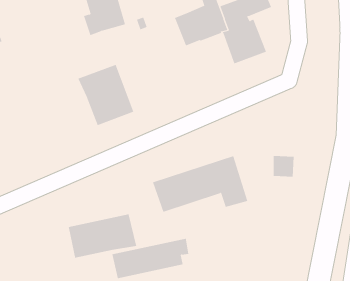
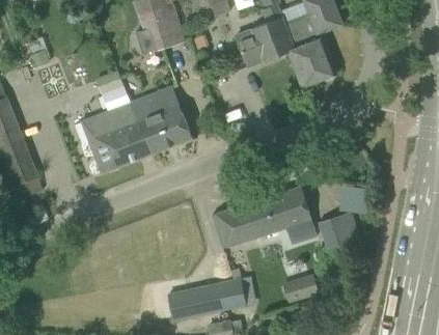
building: none -> [81,69,152,173]
building: none -> [319,212,359,248]
building: [68,213,137,259] -> none
building: none -> [285,273,320,298]

